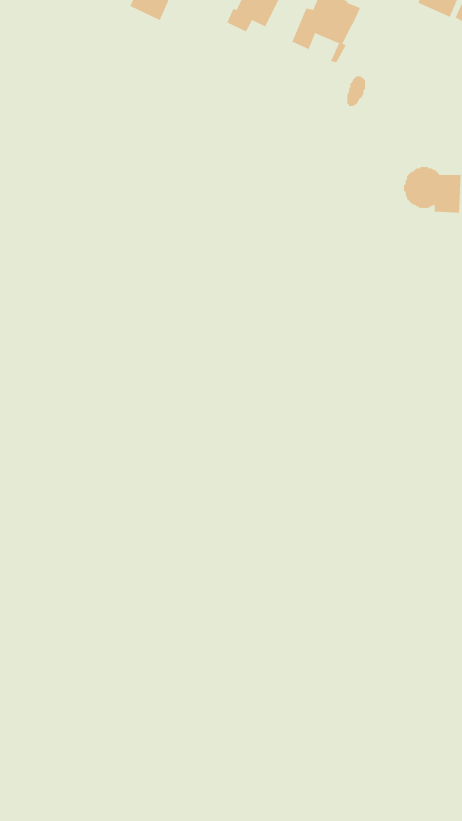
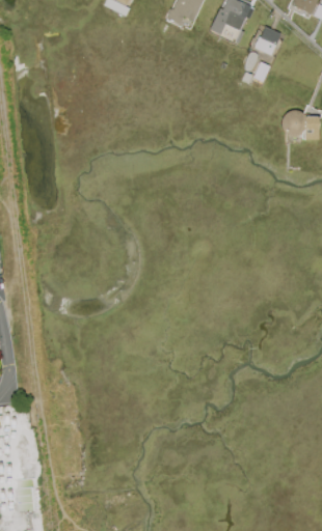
building: none -> [253,27,279,55]

